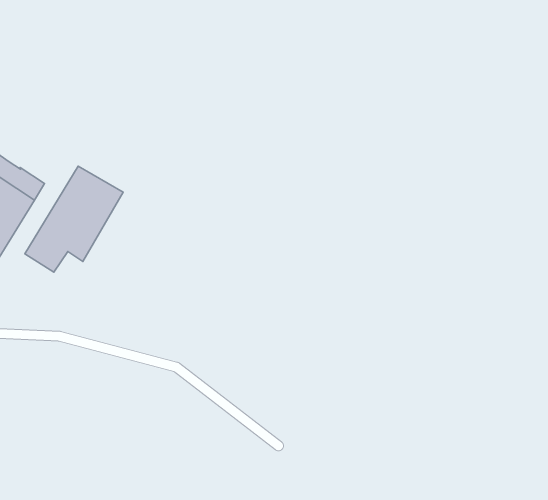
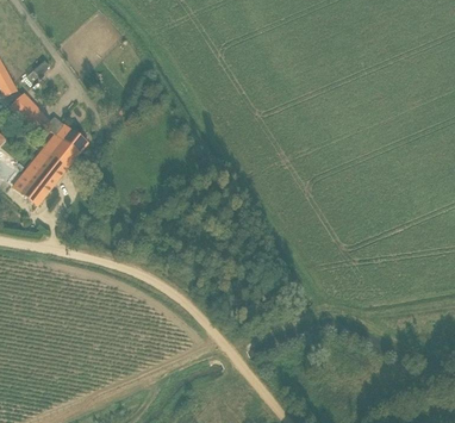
building: [25,166,123,272] -> none

